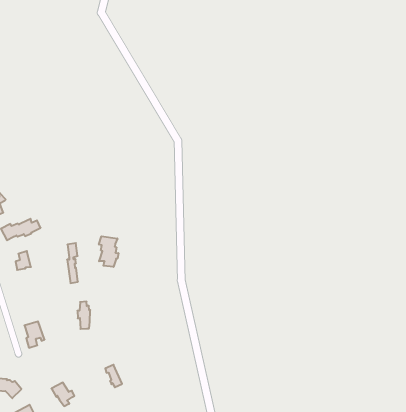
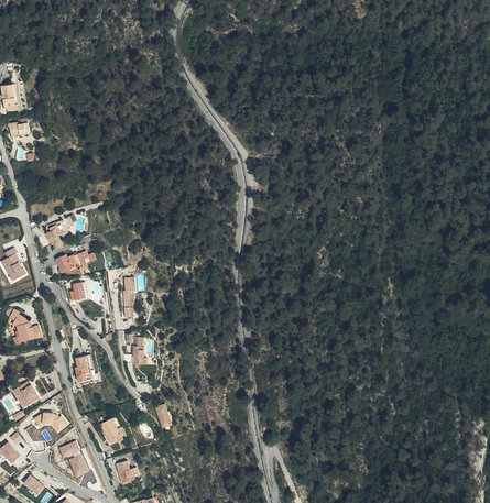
building: [99,236,118,267] -> none

